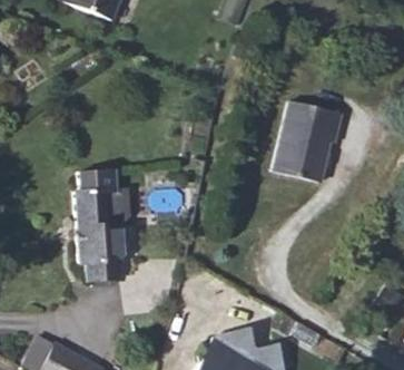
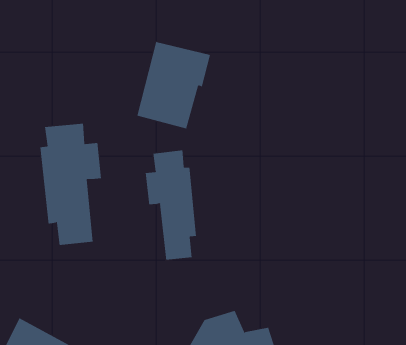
building: [280,92,349,174] -> [136,42,211,129]
building: none -> [145,149,197,260]

